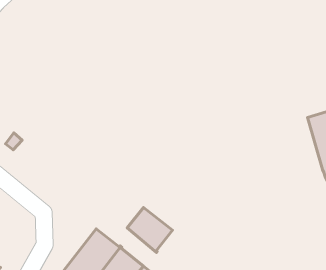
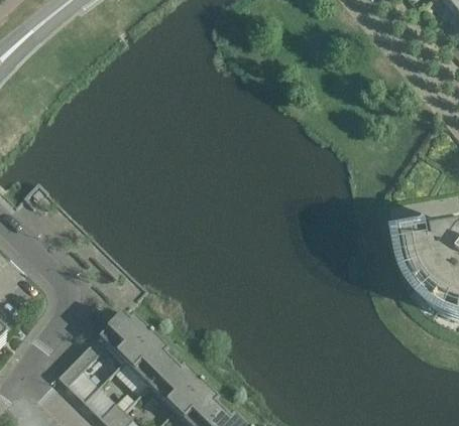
building: [127,208,173,252] -> none

